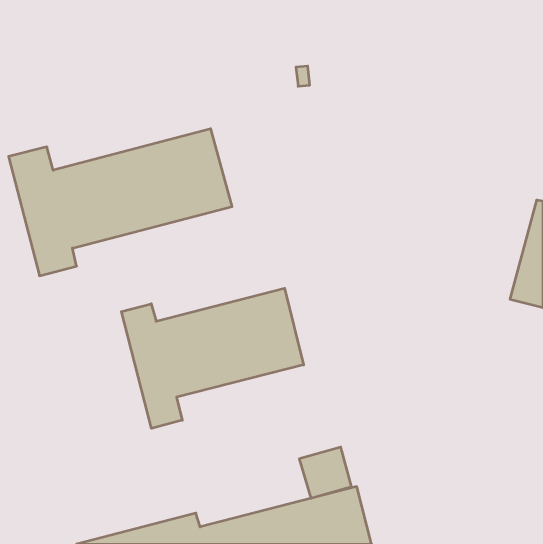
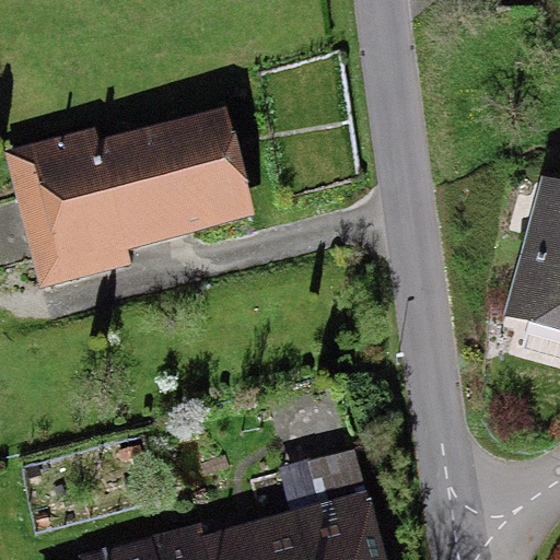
building: [121,288,304,428] -> none

